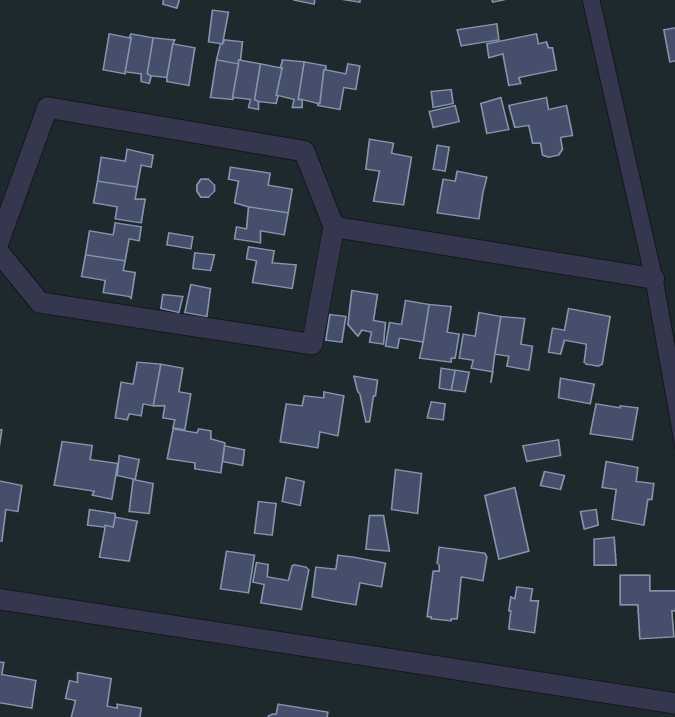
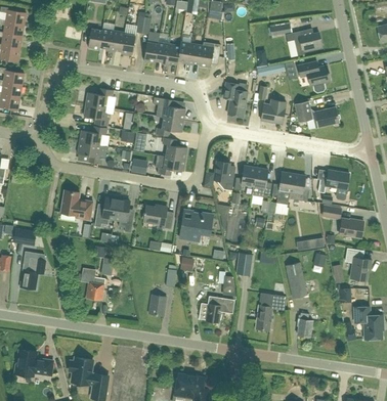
building: none -> [295,101,339,127]
building: none -> [155,154,185,176]
building: [167,429,225,473] -> [143,206,173,228]
building: [54,442,118,499] -> [60,190,93,220]
building: [253,563,309,609] -> none

